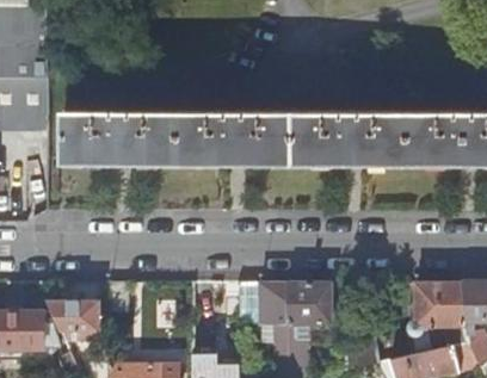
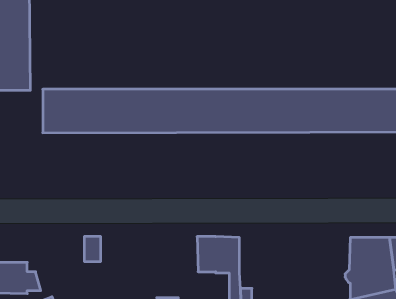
building: [288,284,332,324] -> none
building: [49,302,100,340] -> none

